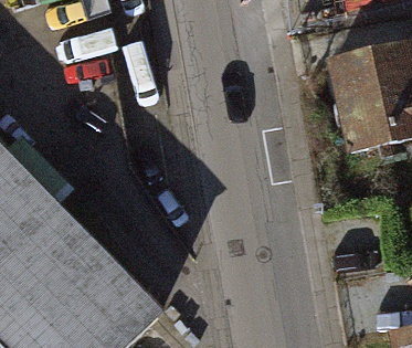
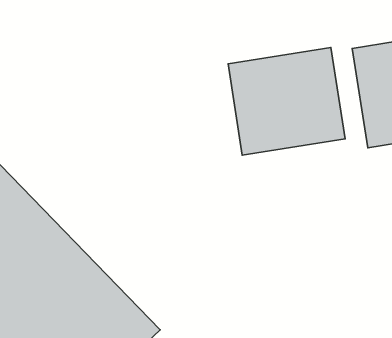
building: none -> [228,48,345,155]

